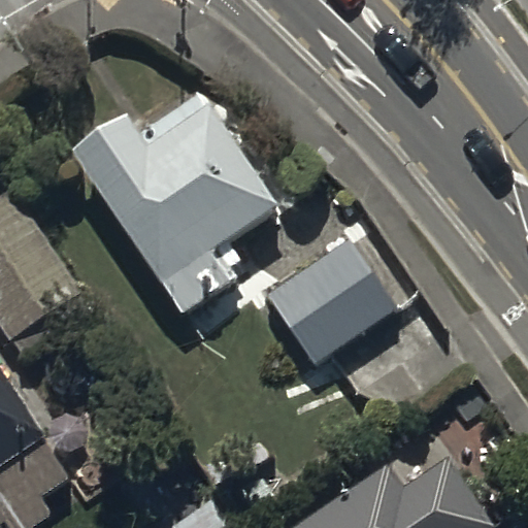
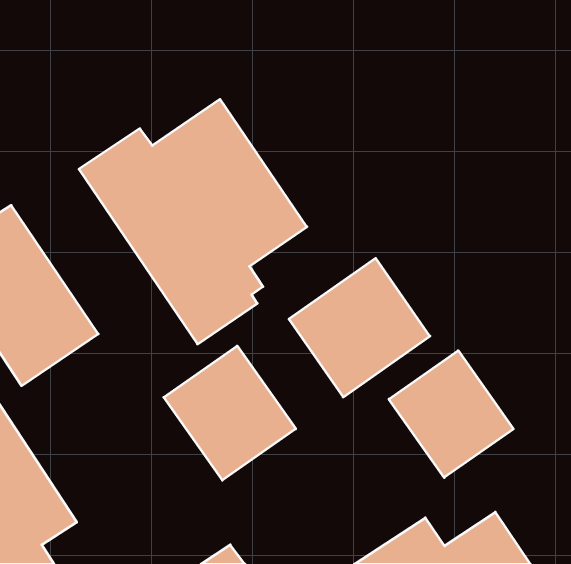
building: none -> [164,346,296,480]
building: none -> [389,351,513,478]

